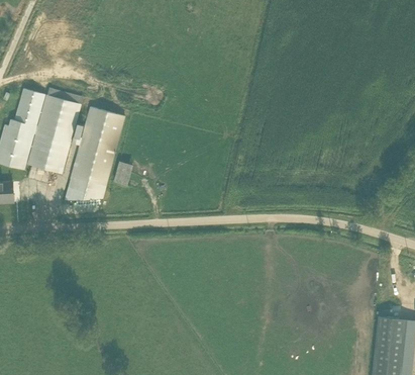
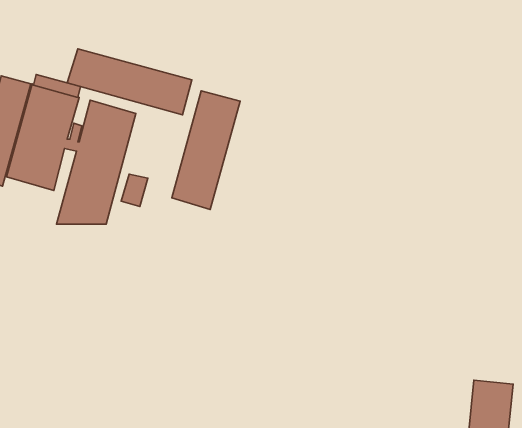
building: none -> [67,49,192,115]
building: none -> [172,91,240,210]

